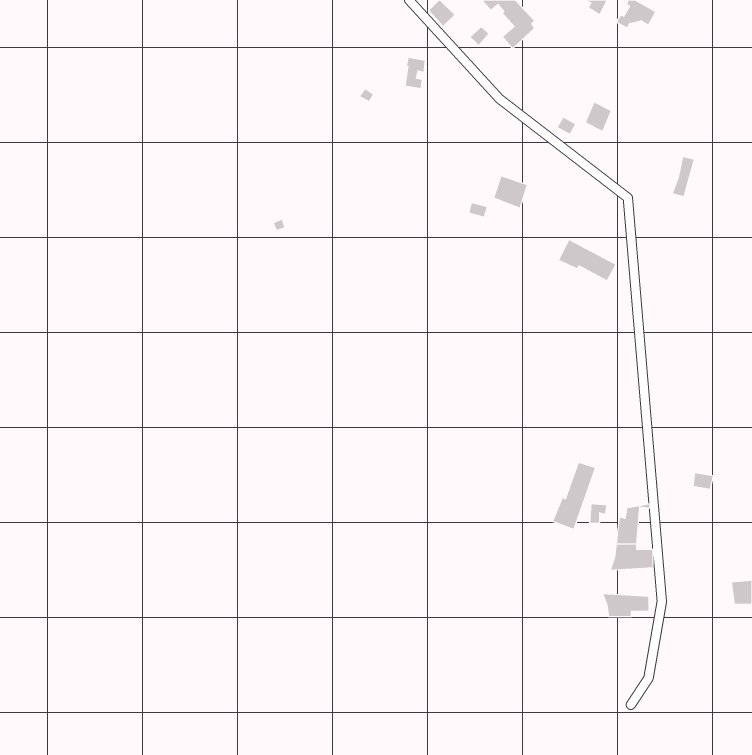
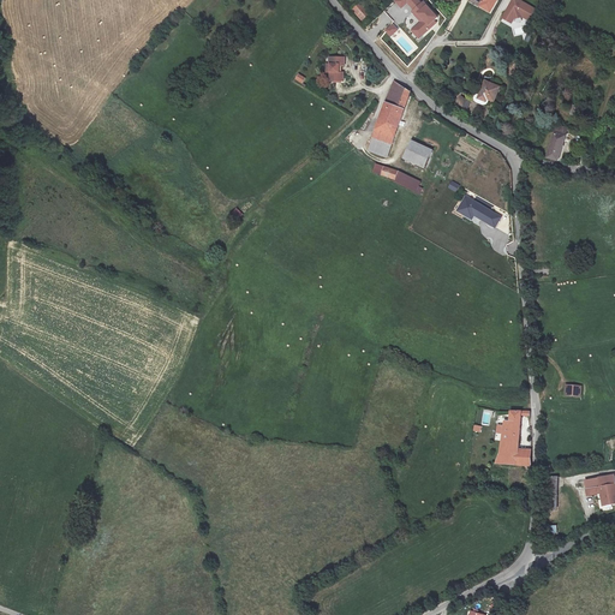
building: none -> [372,79,410,144]
building: [553,462,596,530] -> none
building: [602,593,649,617] -> none

